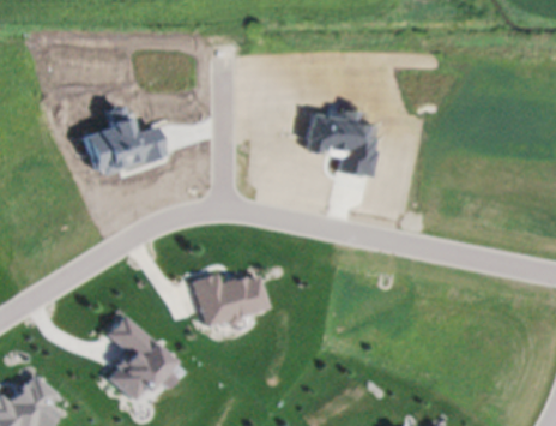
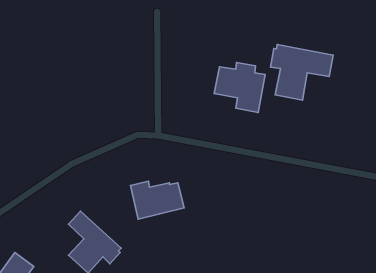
building: none -> [270,44,333,100]
building: [86,106,165,175] -> none

